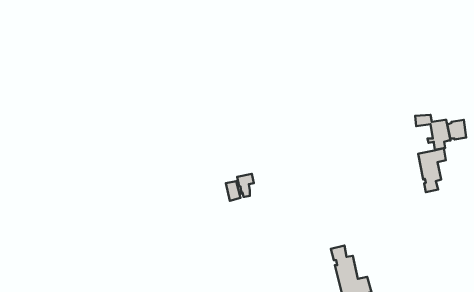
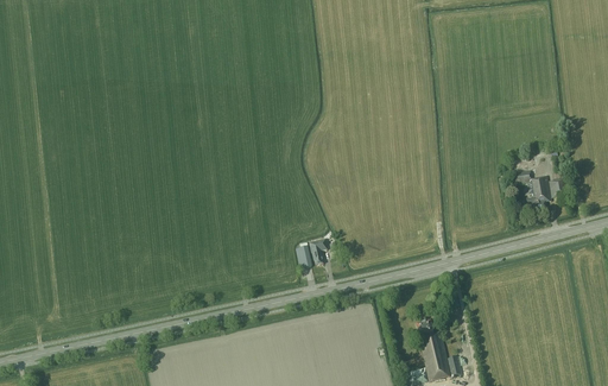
building: [418,148,446,192] -> none

